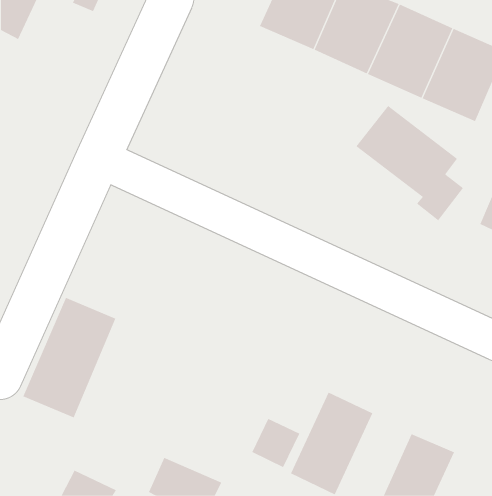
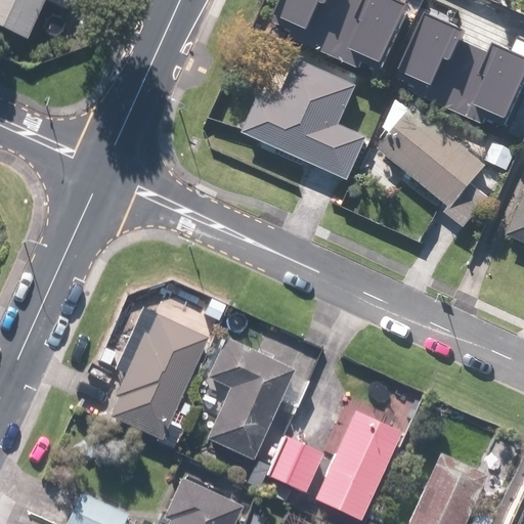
building: none -> [247,53,370,182]
building: [22,297,116,418] -> [110,312,208,439]
building: none -> [207,340,309,460]

